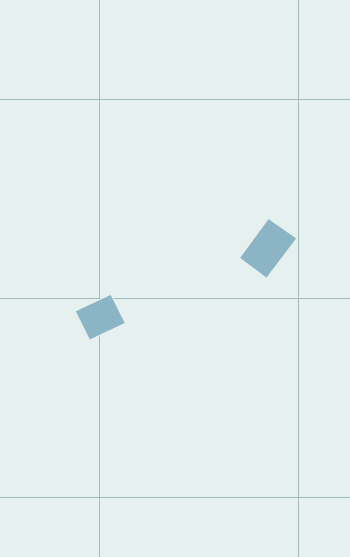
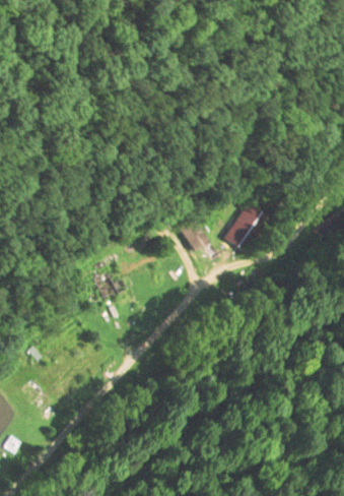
building: none -> [177,215,209,250]

